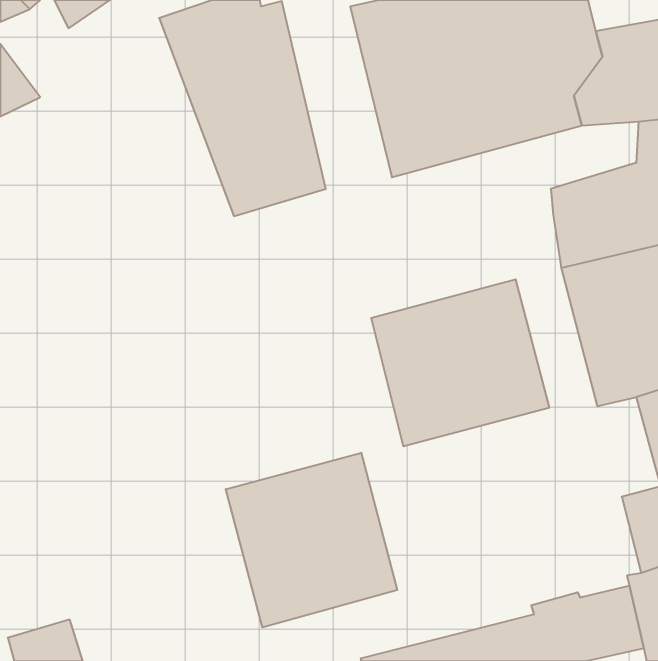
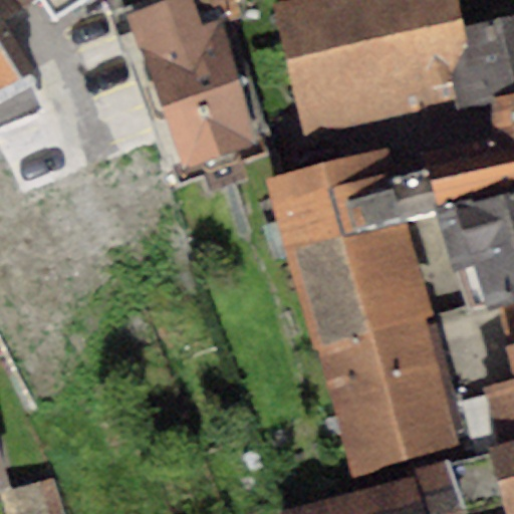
building: none -> [269,148,438,247]
building: none -> [315,316,463,477]
building: [226,453,397,627] -> none

